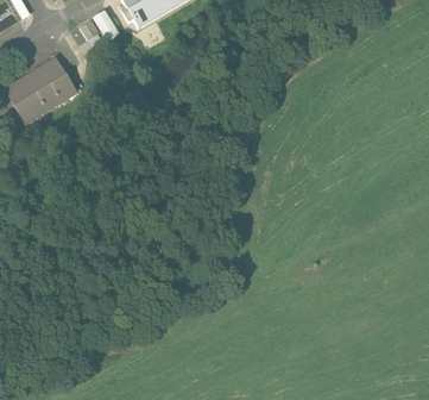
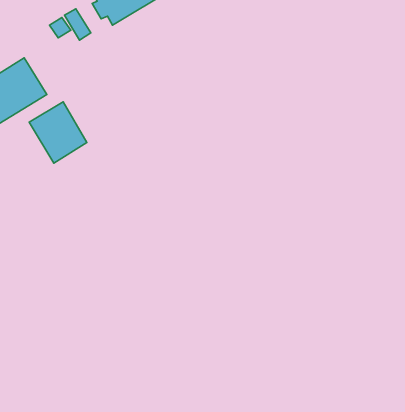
building: none -> [29,102,87,163]

